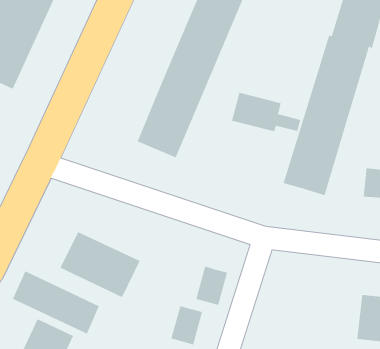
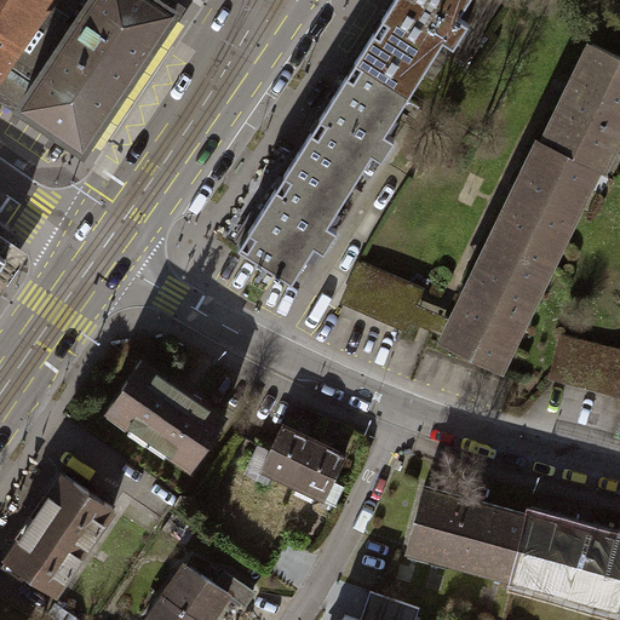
building: [231,92,301,132] -> [348,269,447,338]
building: [12,270,99,334] -> none
building: none -> [403,489,526,579]
building: [170,305,203,345] -> [258,426,310,486]

